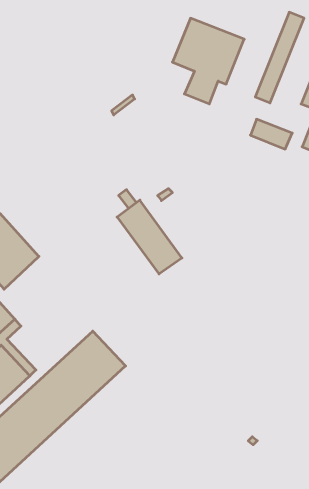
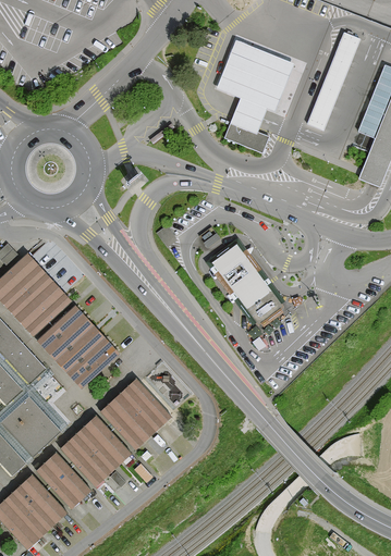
building: [250,119,292,149] -> [225,122,271,155]
building: [117,200,182,274] -> [213,243,284,323]
building: none -> [39,306,120,386]

